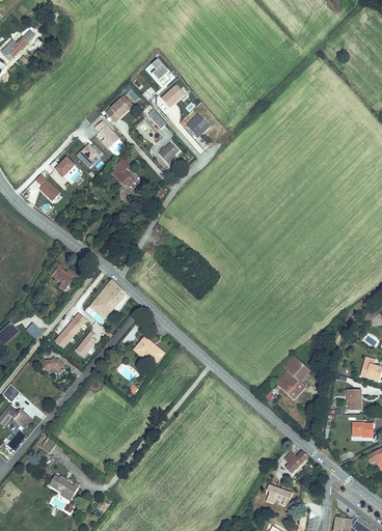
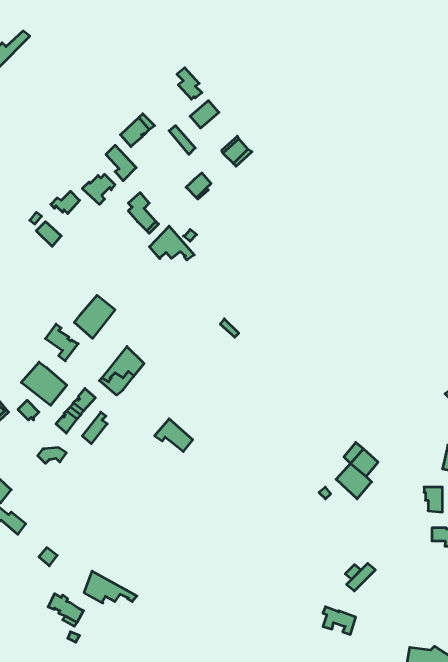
building: none -> [149,226,194,260]
building: none -> [74,295,115,338]
building: none -> [21,362,67,405]
building: none -> [84,571,137,603]

